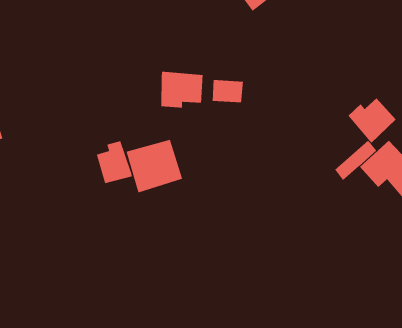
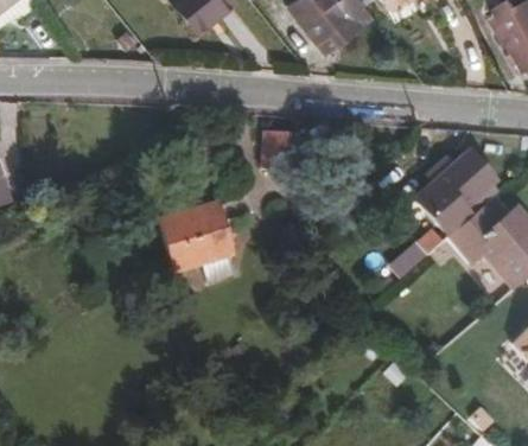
building: [160,71,204,108] -> none
building: [96,140,133,184] -> none

